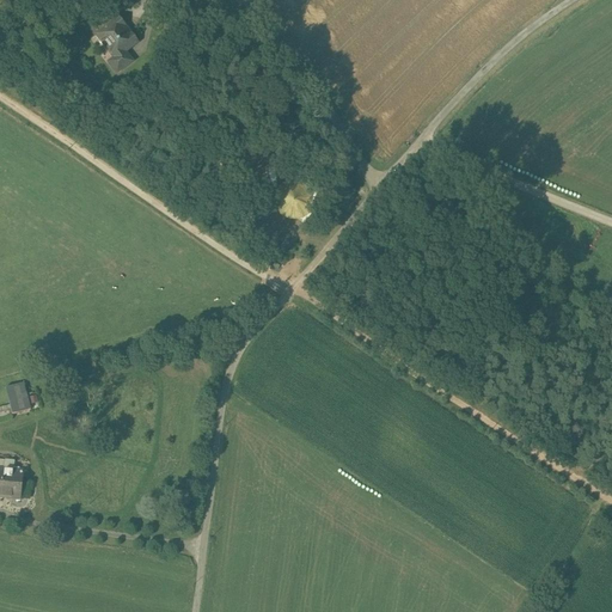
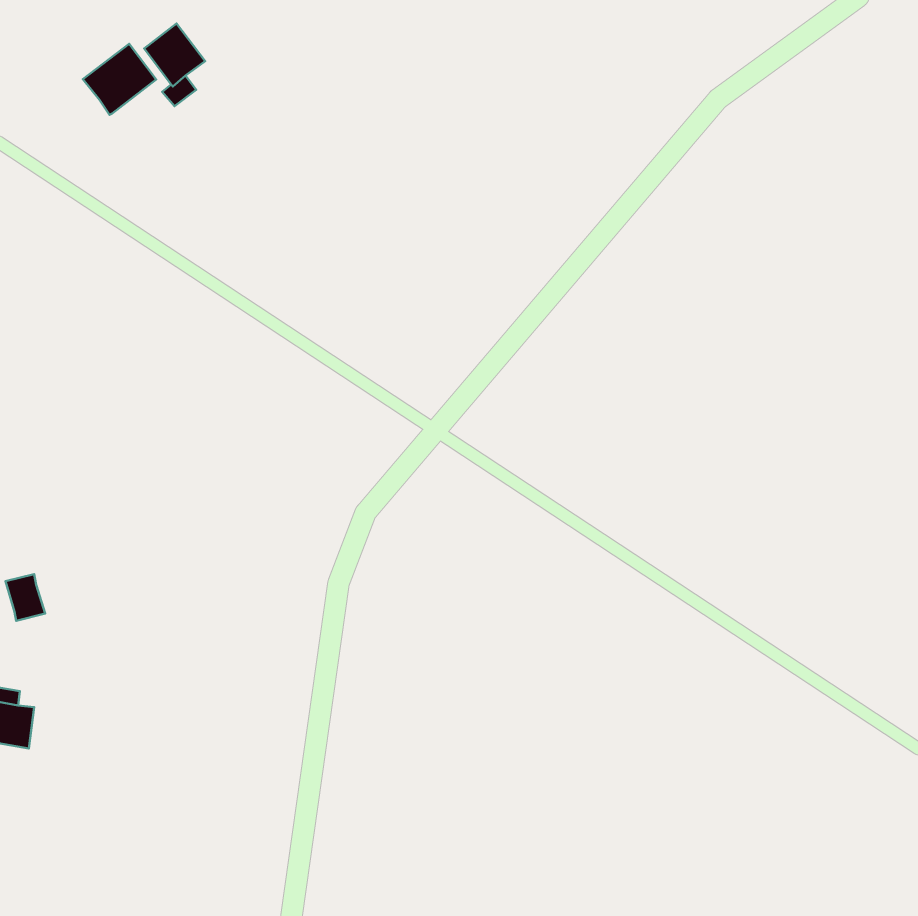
building: none -> [83,44,156,115]

